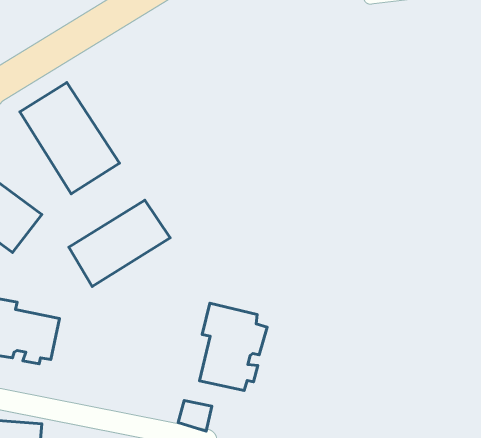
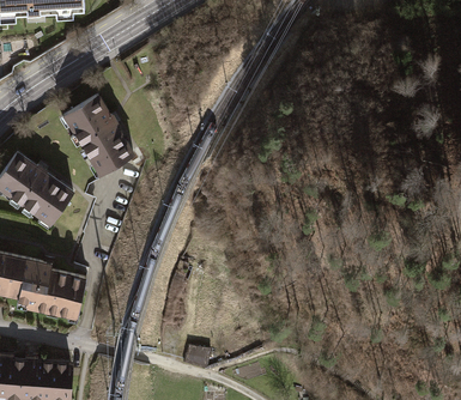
building: [69,200,170,287] -> none
building: [200,303,267,391] -> none

